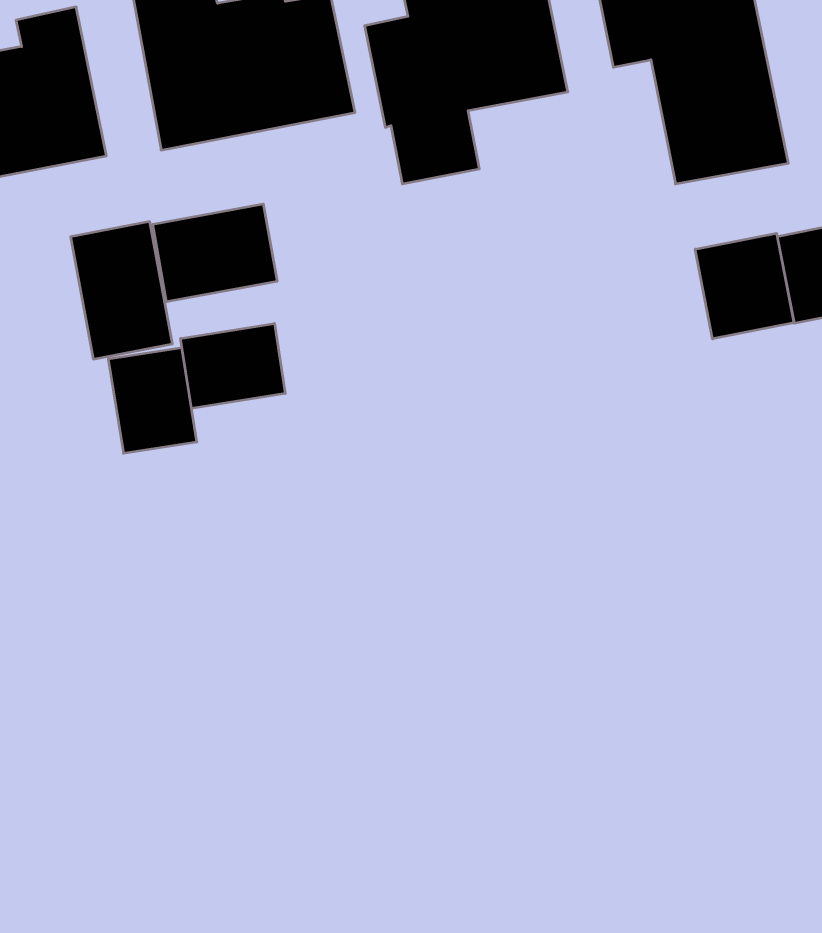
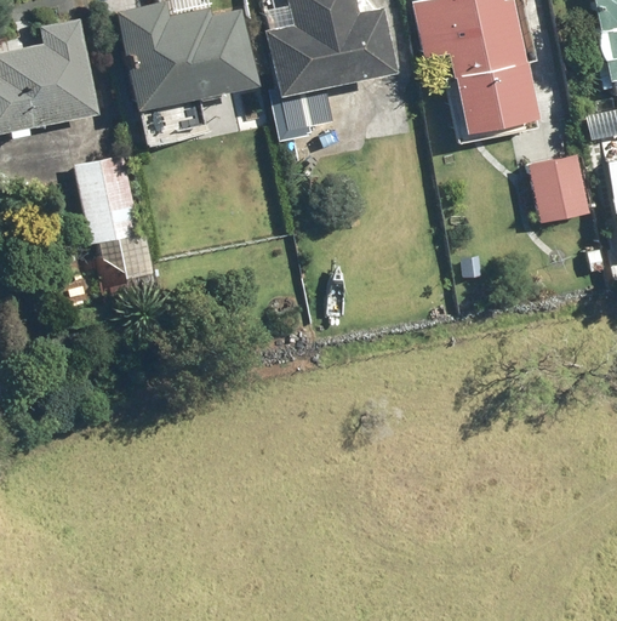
building: [153,204,277,302] -> none
building: [695,233,794,339] -> none
building: [181,323,285,408] -> none

